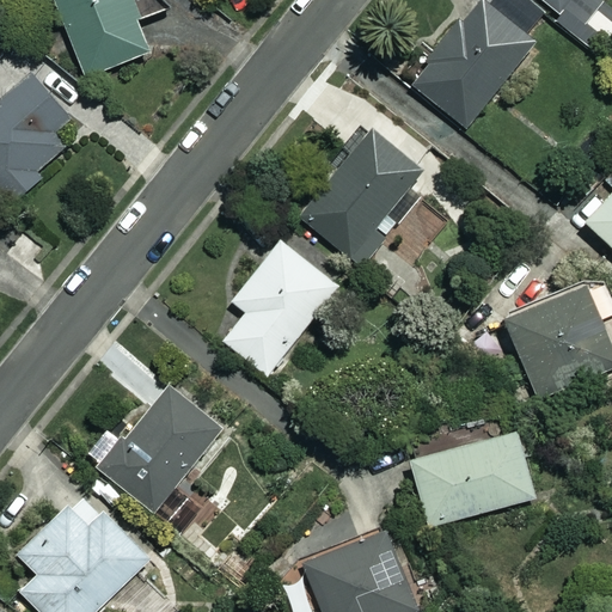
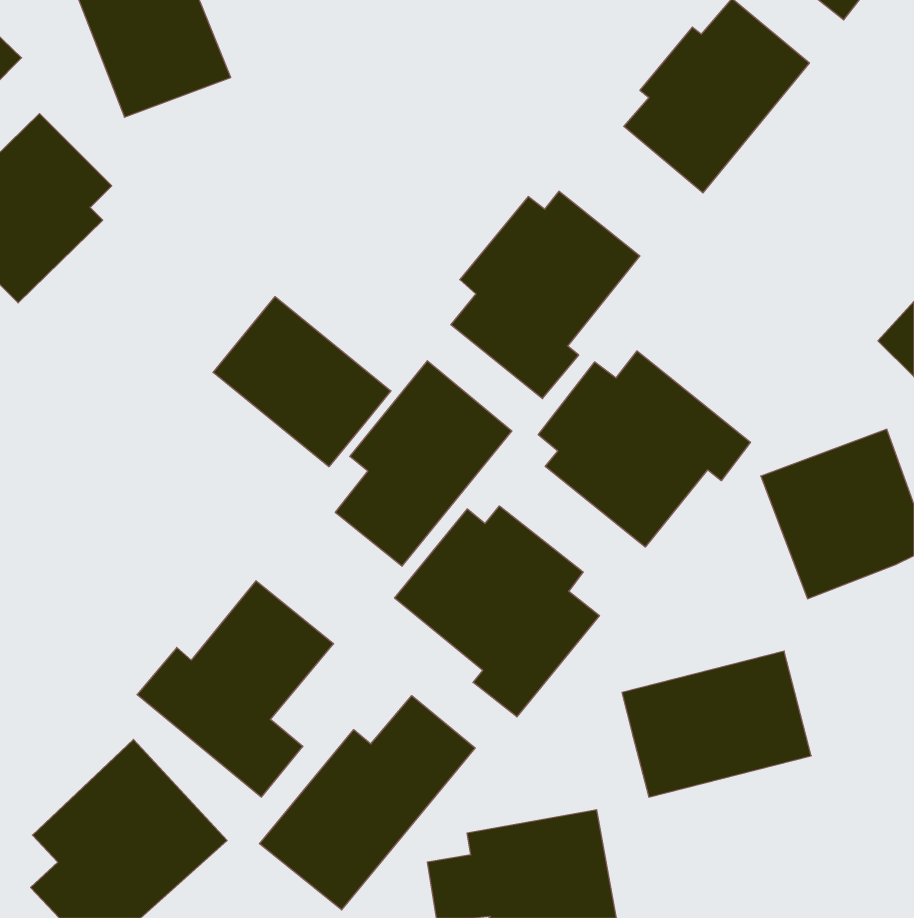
building: none -> [213,297,391,467]
building: none -> [538,351,750,547]
building: none -> [395,506,599,717]
building: none -> [259,696,475,910]

